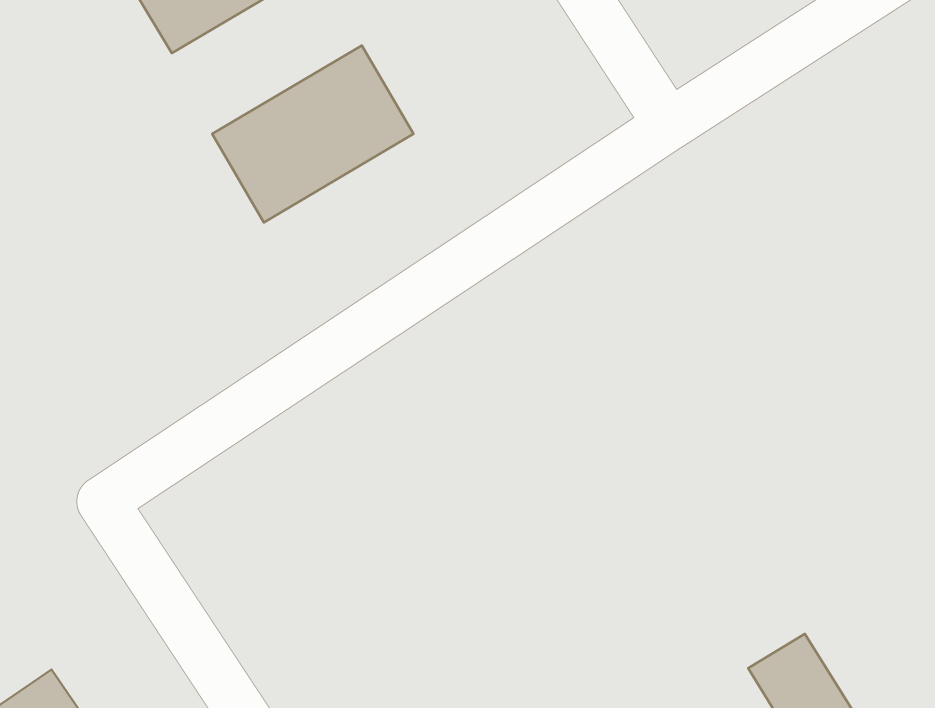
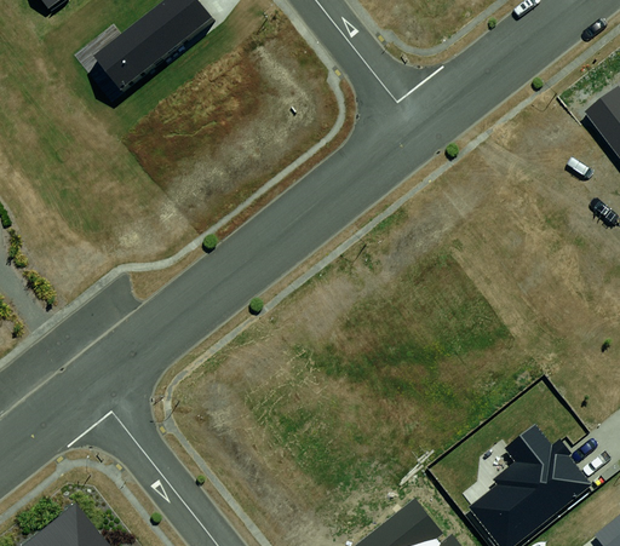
building: [212,45,414,223] -> none

